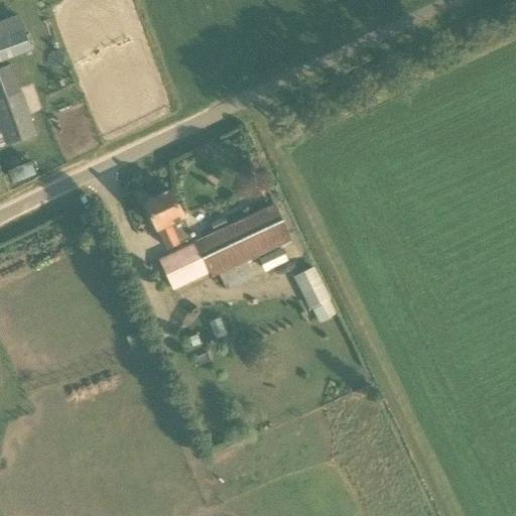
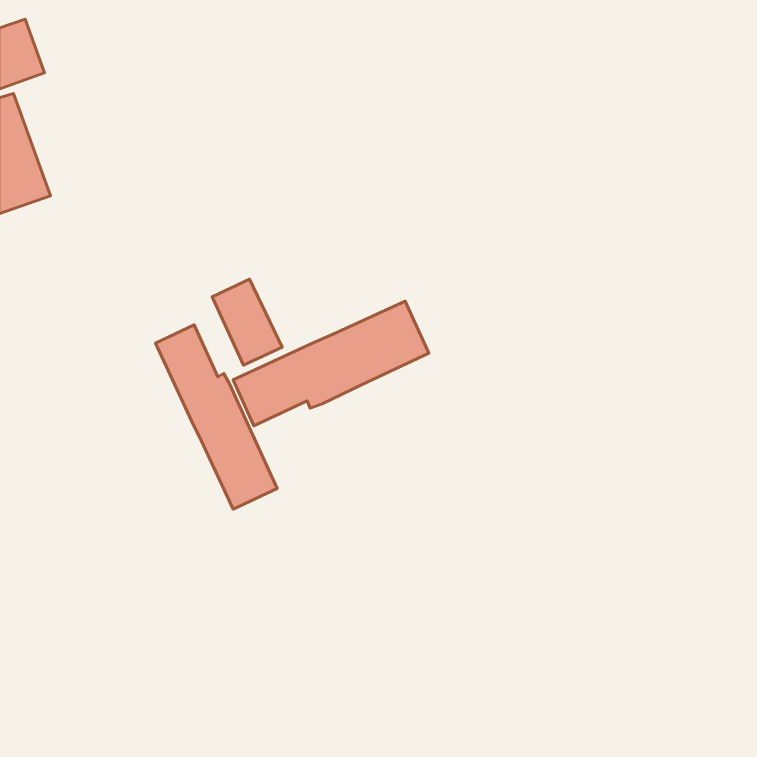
building: none -> [156,325,277,509]
building: [292,266,336,321] -> none

